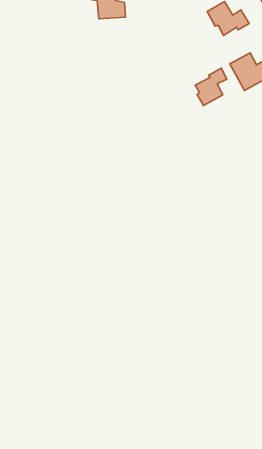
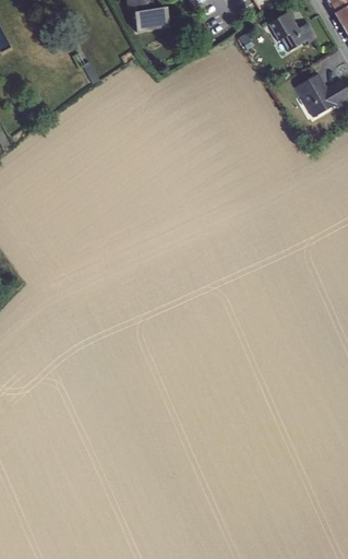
building: [195,68,227,106] -> none

